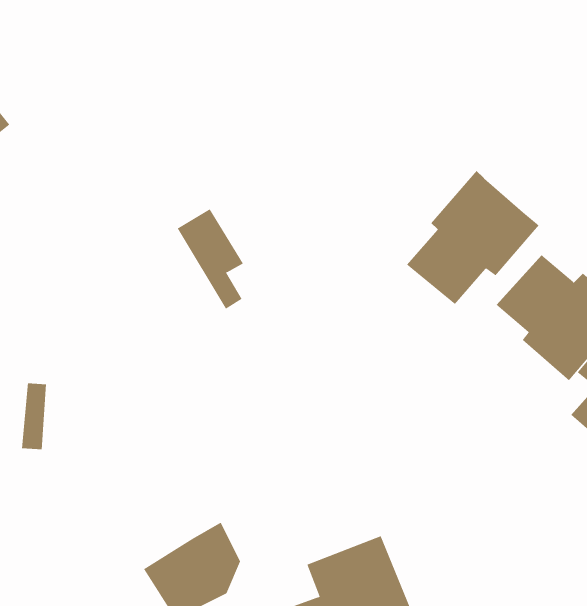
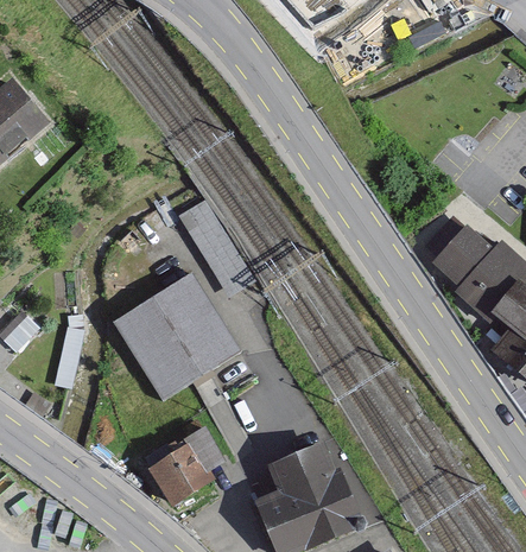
building: [406,170,540,305] -> none
building: none -> [114,278,242,402]

